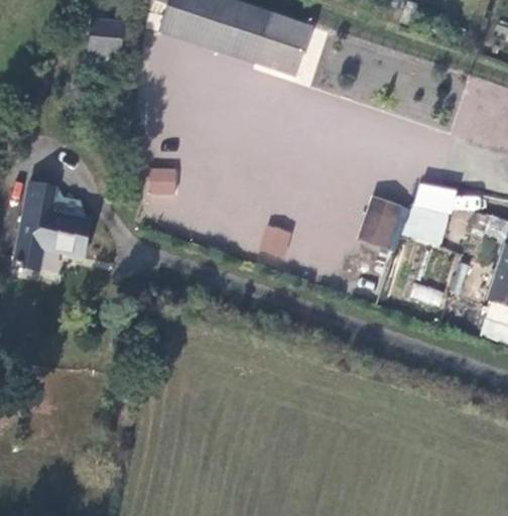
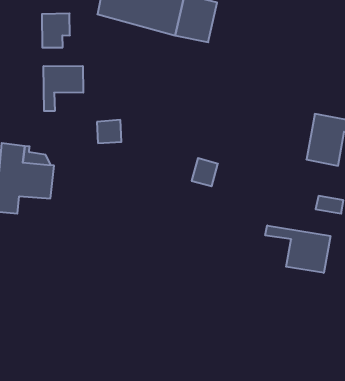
building: none -> [44,66,83,111]
building: [358,194,408,249] -> none
building: none -> [265,225,330,273]

